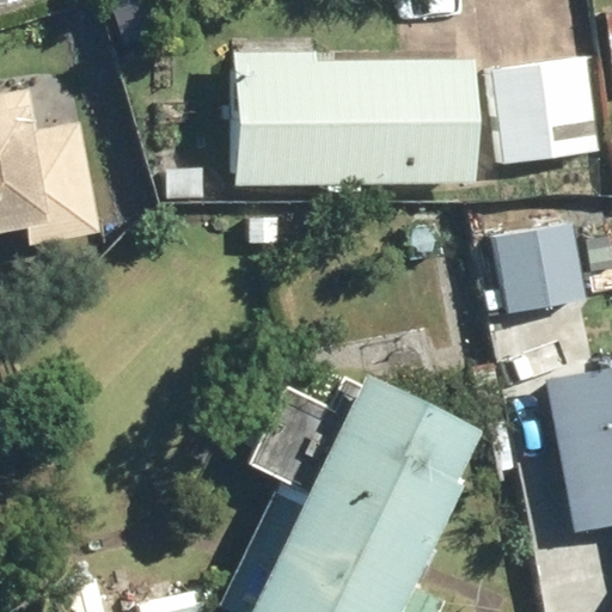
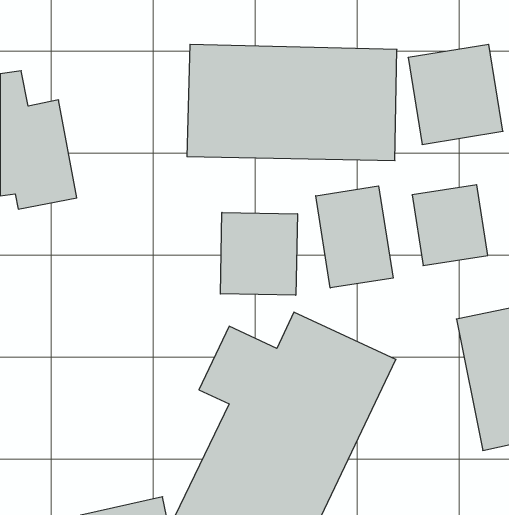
building: none -> [316,186,393,288]
building: none -> [220,212,297,295]

